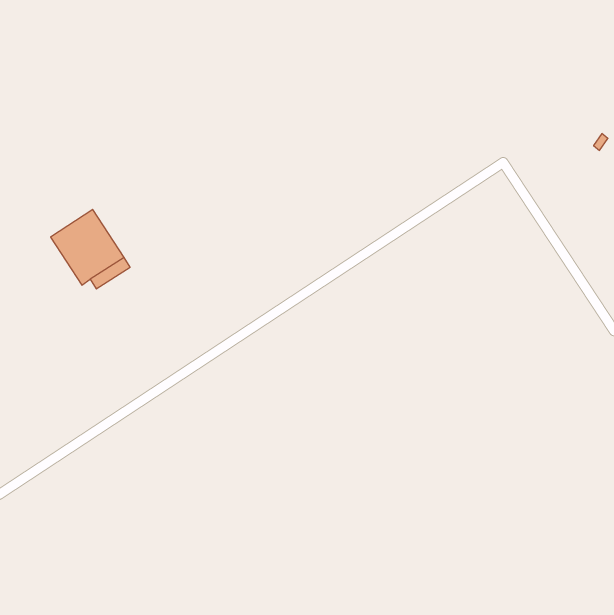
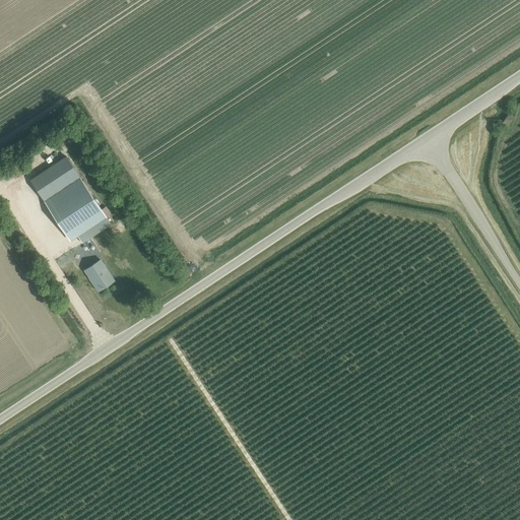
building: none -> [29,156,78,200]
building: none -> [83,260,113,291]

